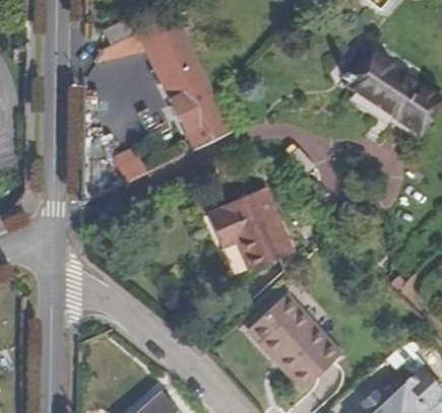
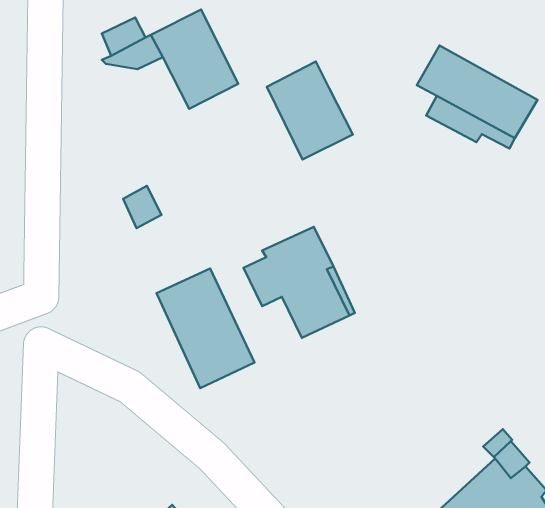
building: [167,74,233,149] -> [267,62,353,160]
building: none -> [156,269,255,388]
building: [248,296,341,385] -> none

